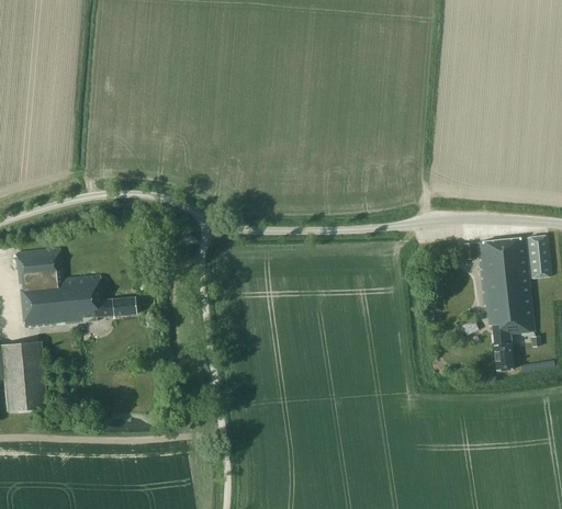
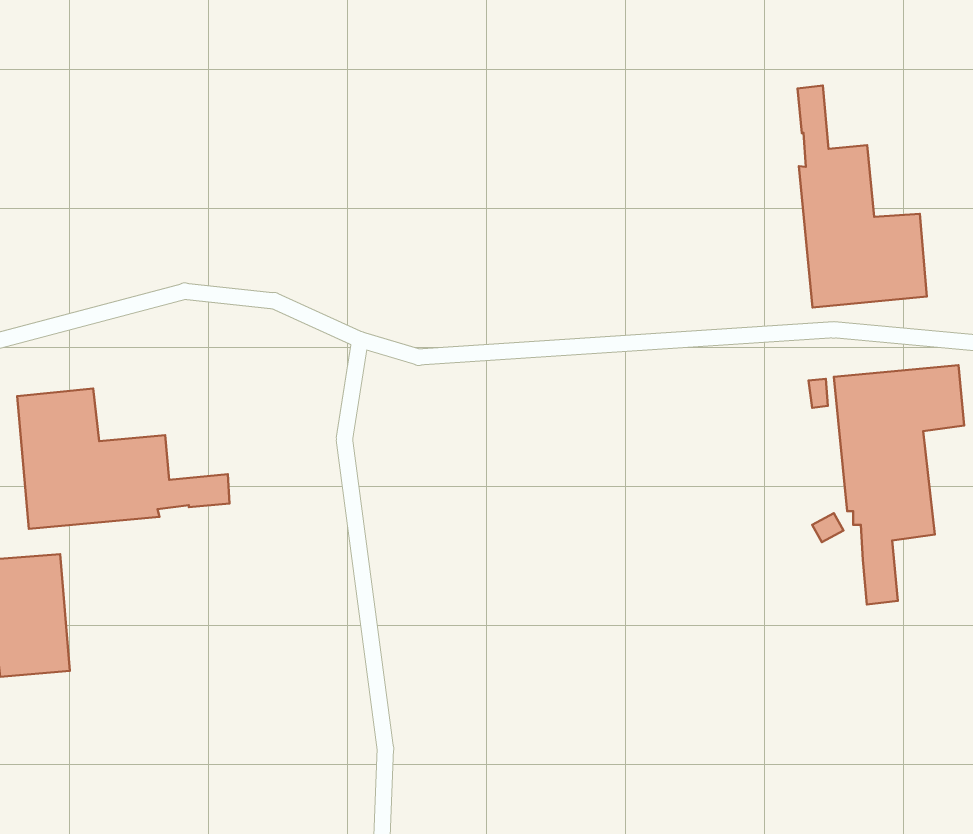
building: none -> [798,85,927,308]

